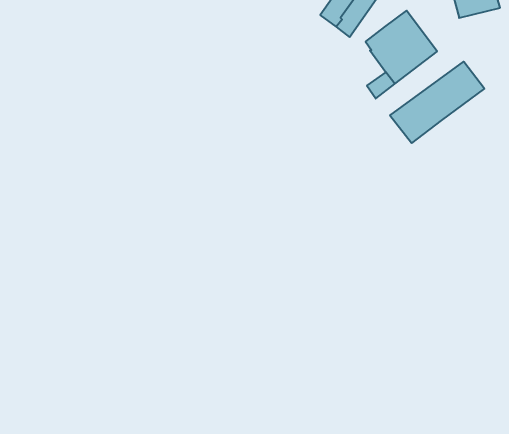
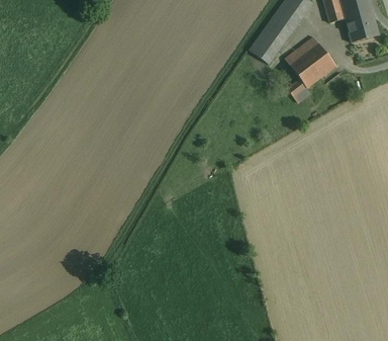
building: [390,62,484,143] -> none

